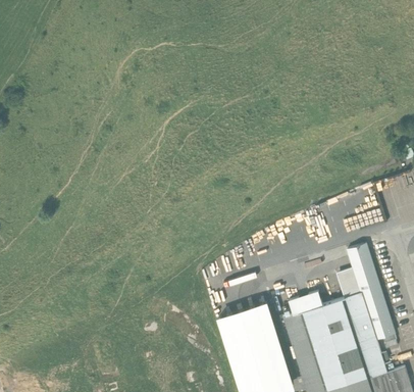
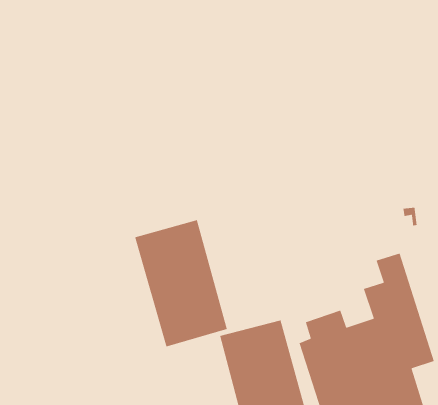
building: none -> [134,219,228,348]

